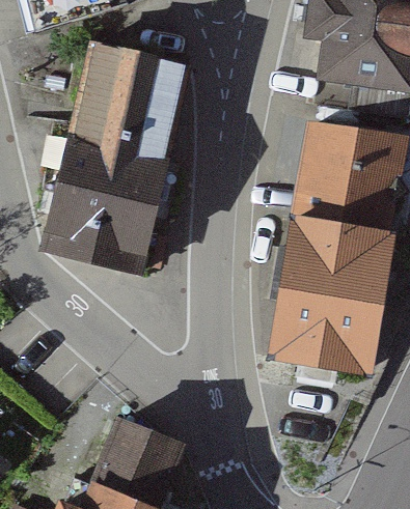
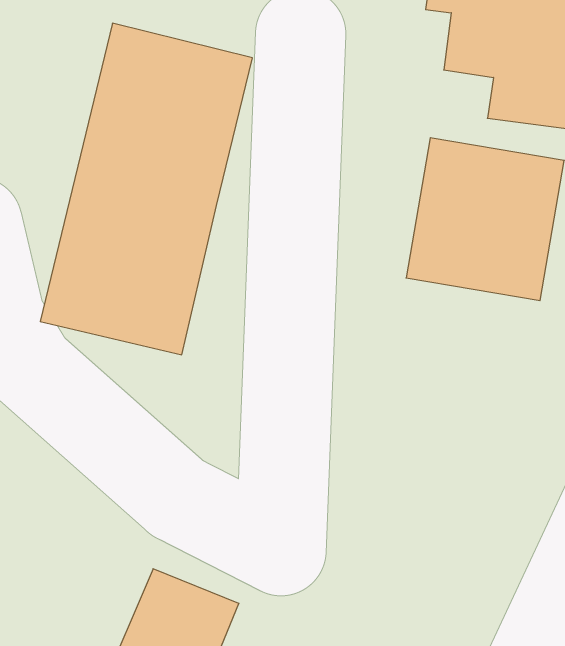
building: [272,220,388,371] -> none

